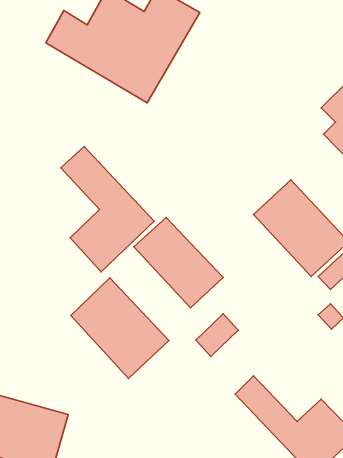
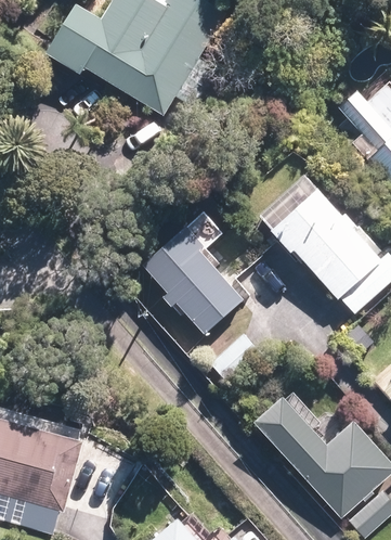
building: [61,146,154,272] -> none
building: [71,278,169,378] -> none

